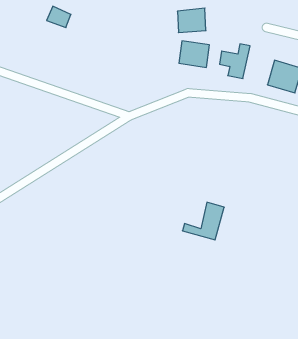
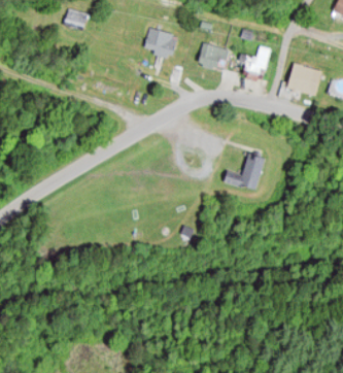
building: [177,8,206,33] -> [146,30,175,55]
building: [182,202,224,240] -> [224,151,266,190]

